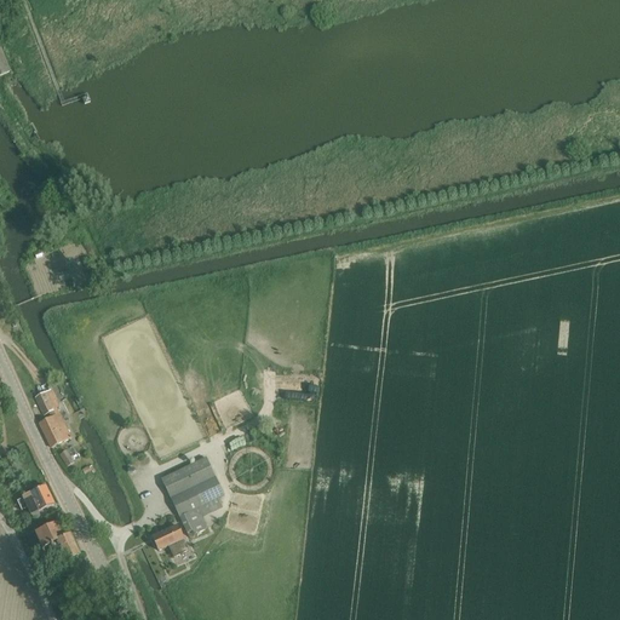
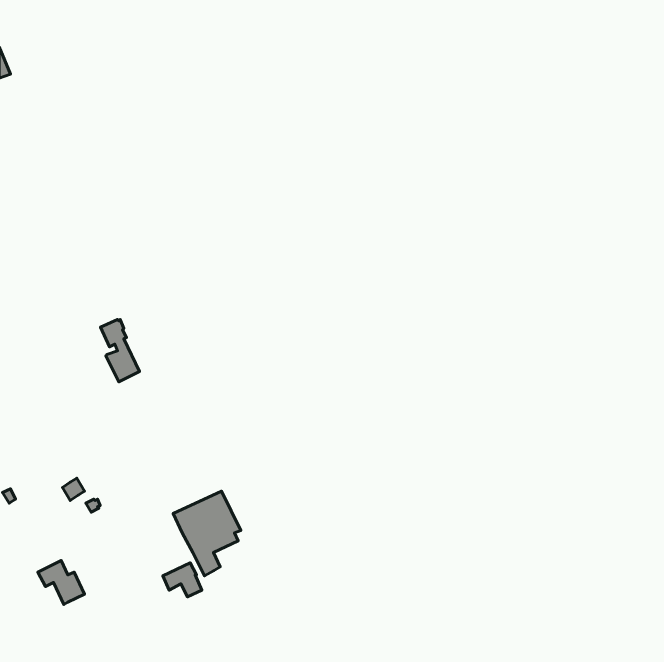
building: [34,388,70,446] -> [100,319,140,382]
building: [22,484,53,517] -> none

